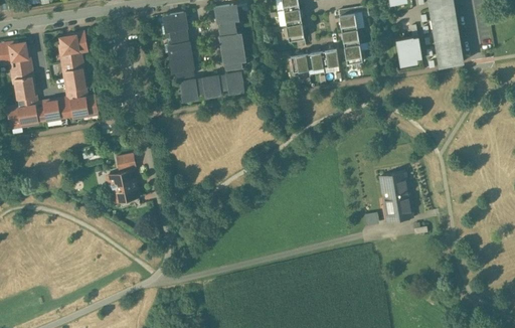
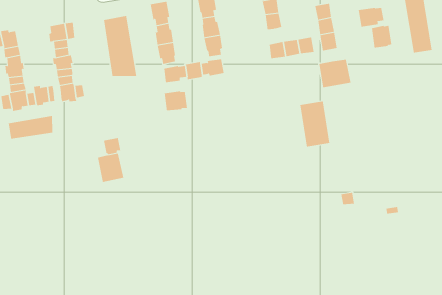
building: none -> [358,7,384,27]
building: none -> [103,15,137,77]
building: none -> [319,59,351,88]
building: none -> [164,91,187,111]
building: none -> [8,115,53,139]
building: [379,172,411,220] -> [300,101,330,147]

